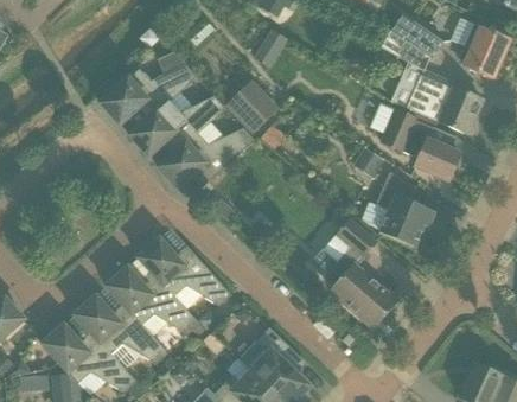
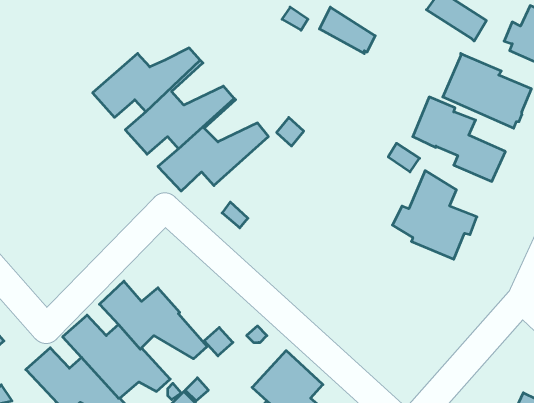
building: [381,30,429,70] -> [319,7,375,54]
building: [228,79,281,133] -> none
building: [309,217,396,326] -> none
building: [141,237,231,305] -> none

